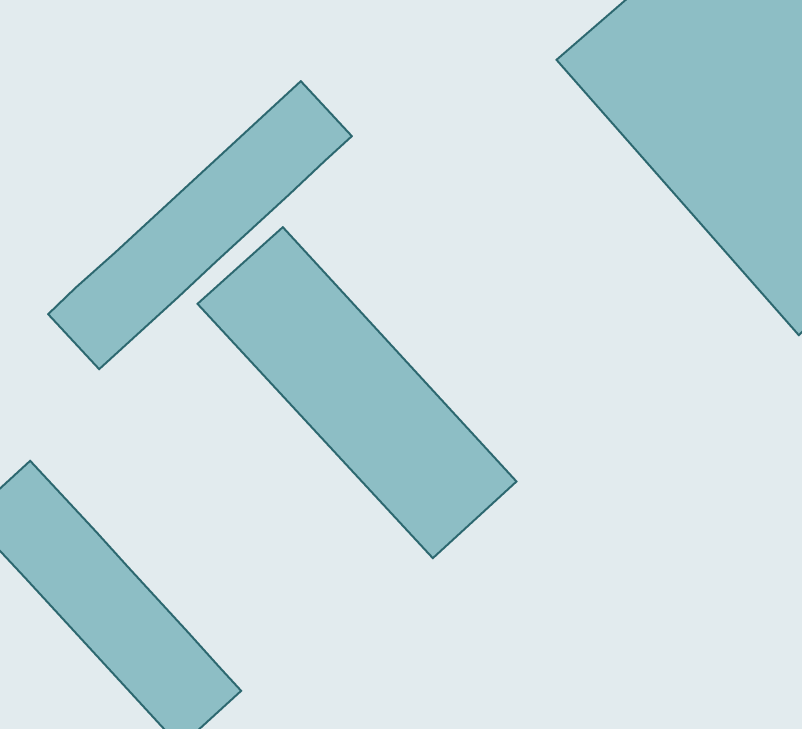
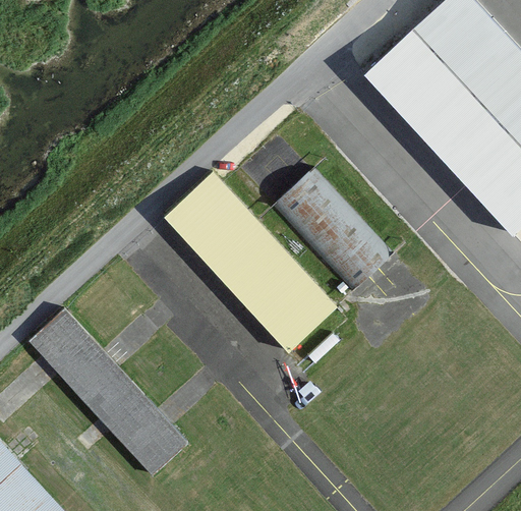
building: [48,81,352,369] -> none
building: none -> [274,168,391,288]

